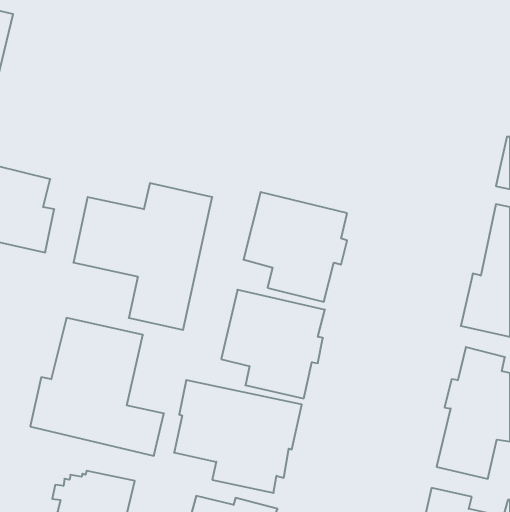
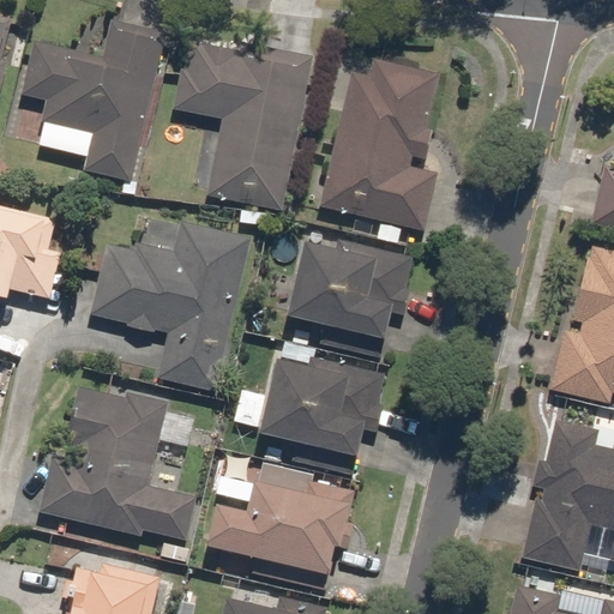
building: none -> [19,17,170,185]
building: none -> [174,31,313,212]
building: none -> [318,58,441,231]

